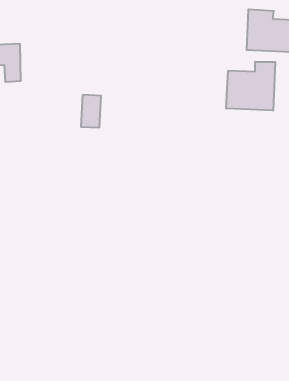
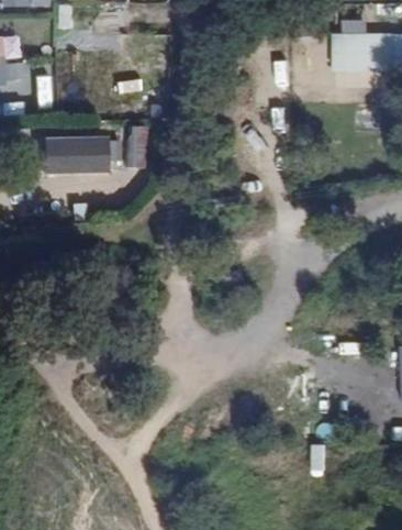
building: [226,62,275,111] -> none
building: none -> [38,136,121,176]

